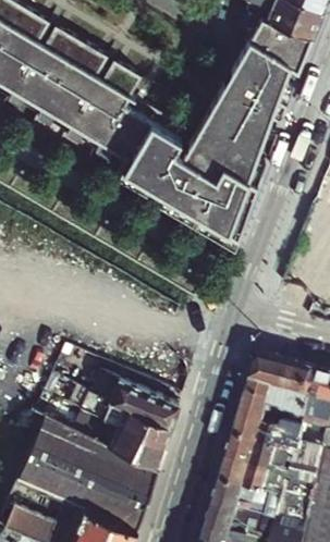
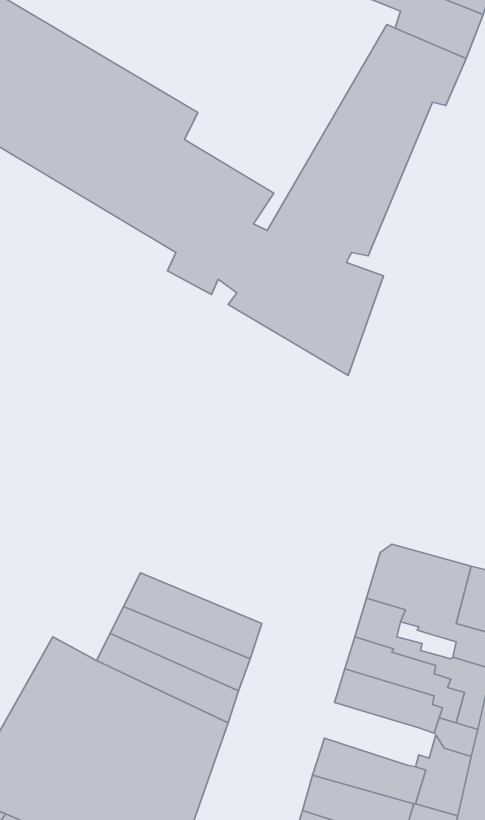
building: [221,456,282,496] -> none

